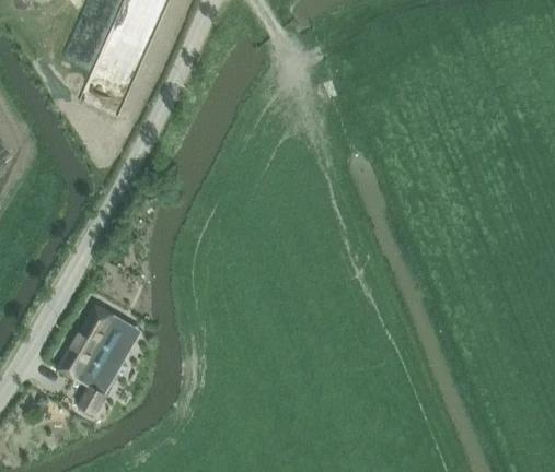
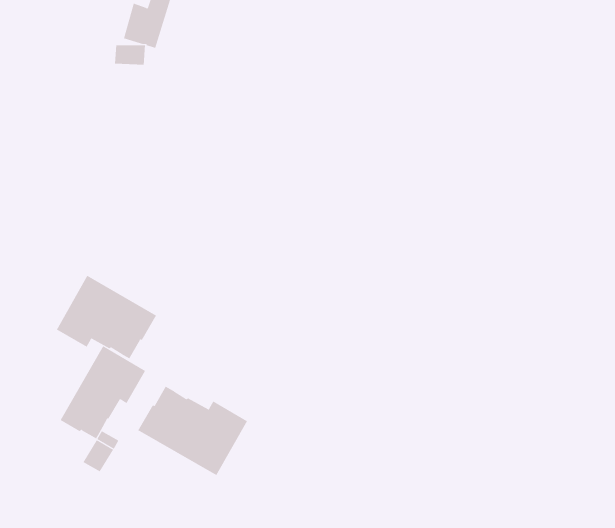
building: none -> [56,275,157,359]
building: none -> [138,386,248,476]

